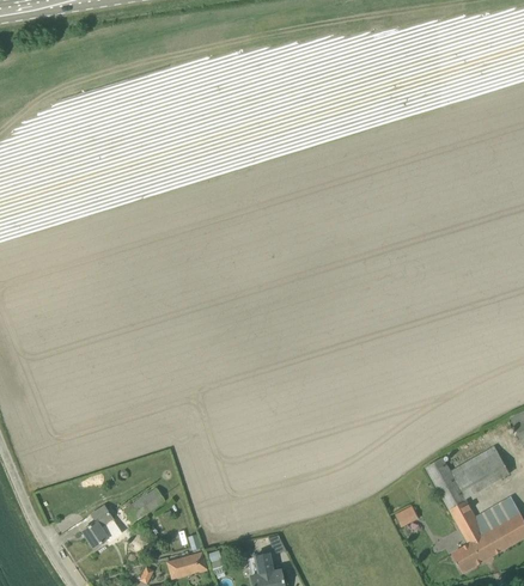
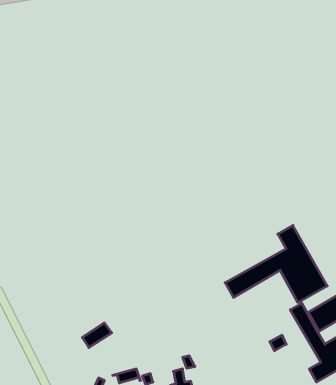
building: none -> [225,225,327,302]
building: [83,506,114,548] -> none

